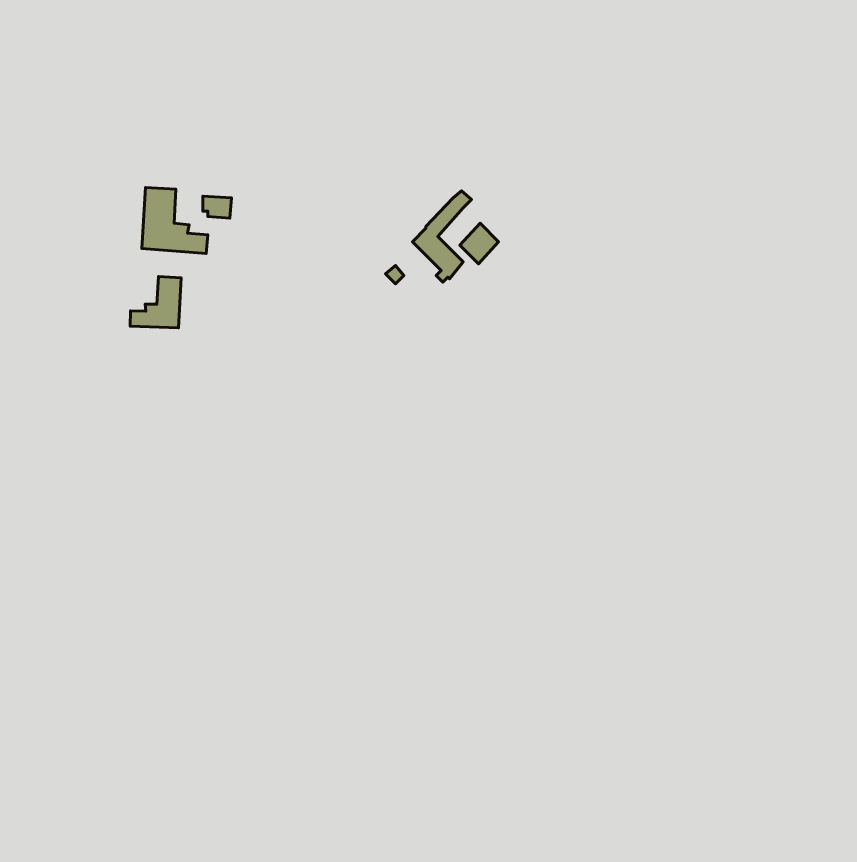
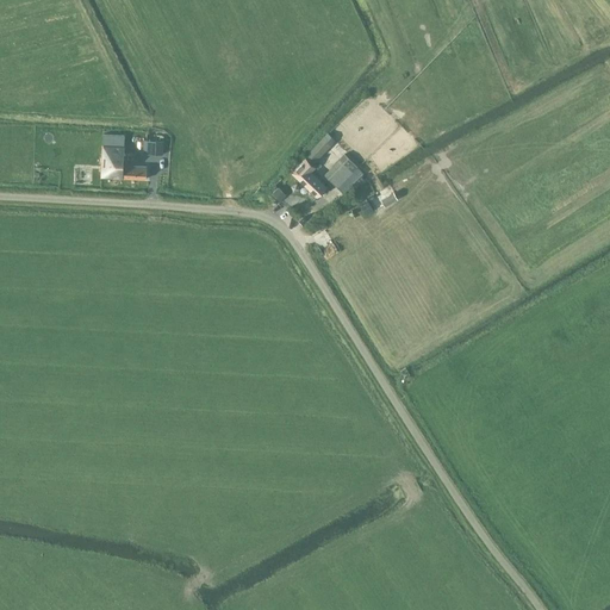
building: [130,276,181,328] -> none

